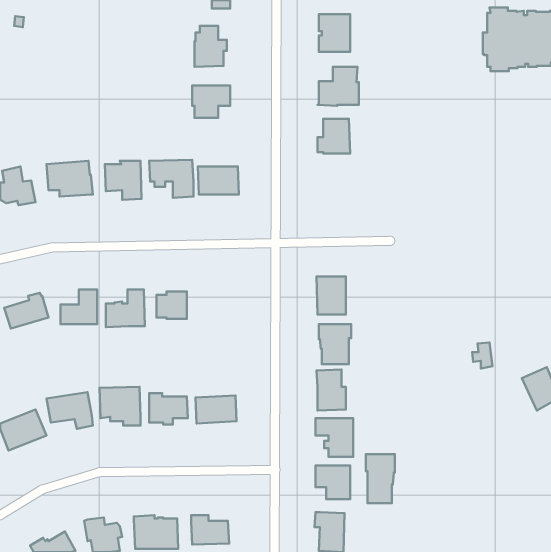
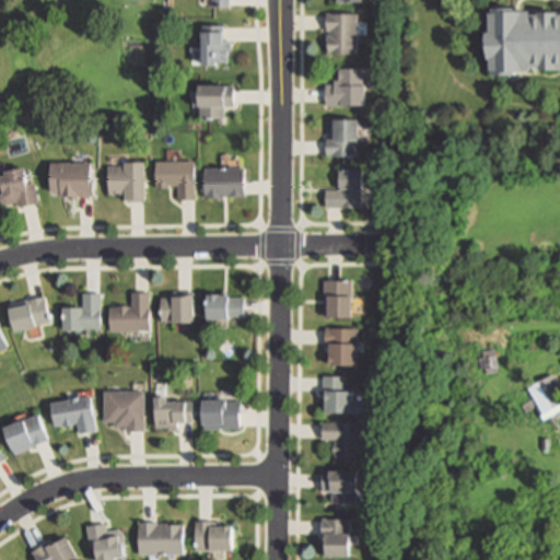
building: none -> [323,171,360,207]
building: none -> [203,294,244,320]
building: [366,454,395,503] -> none

